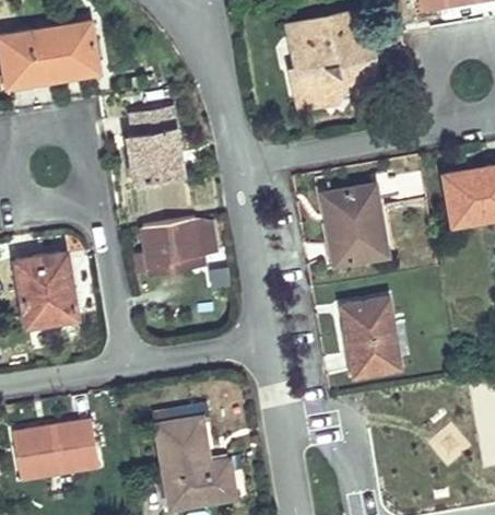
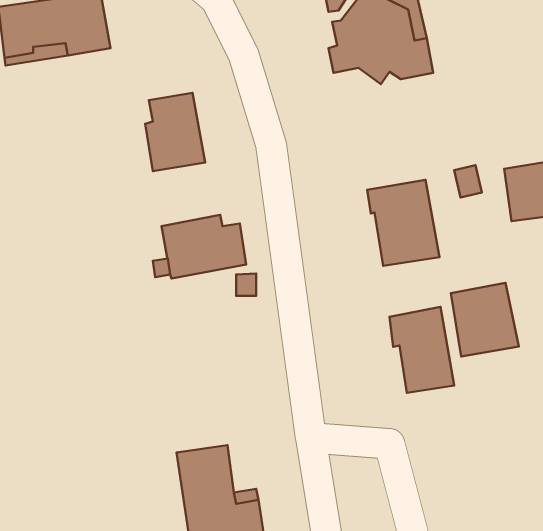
building: [13,254,74,326] -> none
building: none -> [451,283,519,356]
building: [14,422,97,479] -> none

